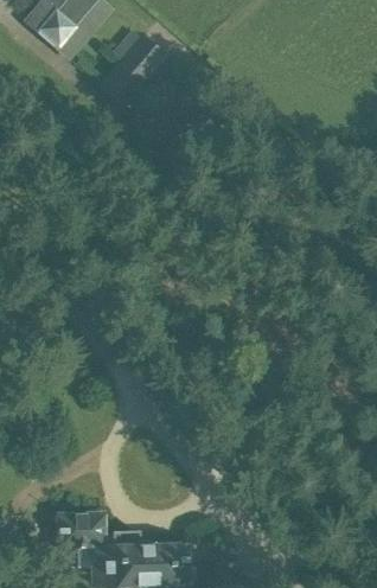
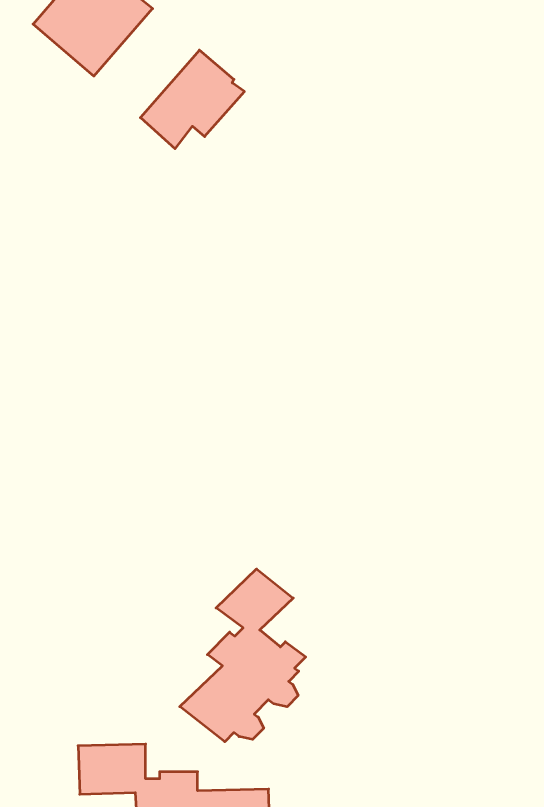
building: none -> [180,569,306,742]

